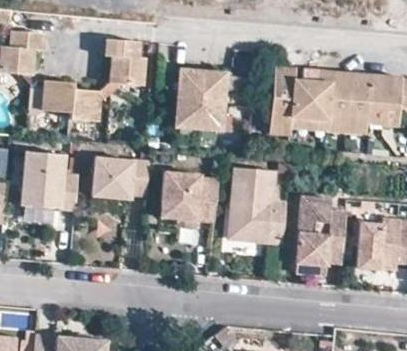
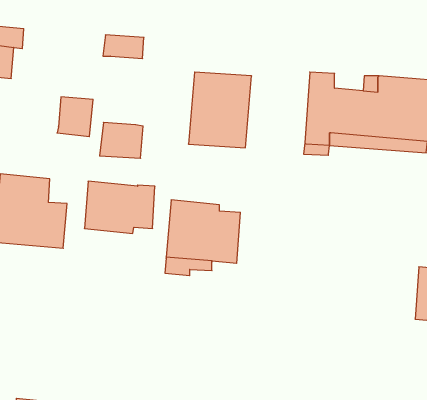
building: [109,56,144,85] -> [100,122,143,158]
building: [42,80,73,113] -> none
building: [228,167,286,243] -> none
building: [297,196,348,264] -> none

